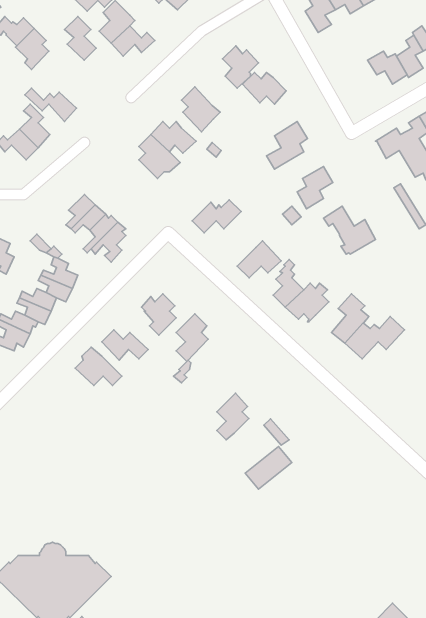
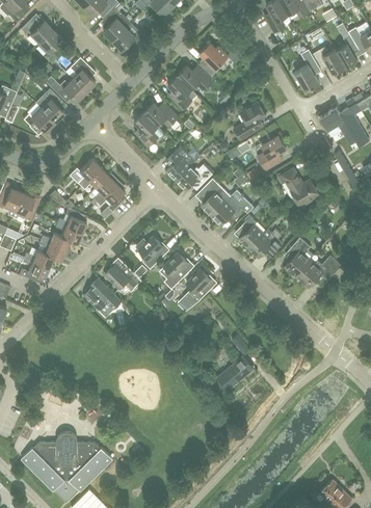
building: [64,16,96,60] -> [70,57,95,91]
building: none -> [294,50,319,91]
building: [243,72,286,104] -> [178,65,212,90]
building: none -> [164,145,190,180]
building: none -> [202,180,231,215]
building: [217,393,249,440] -> [186,269,211,305]

